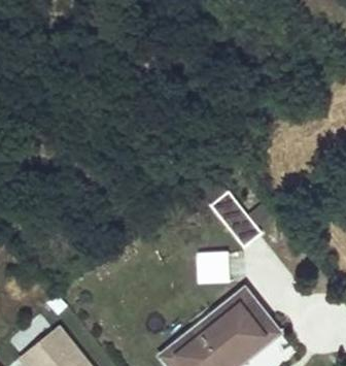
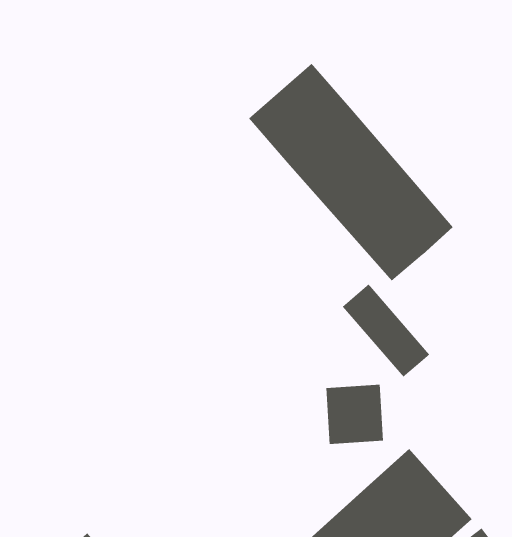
building: none -> [248,63,454,282]

